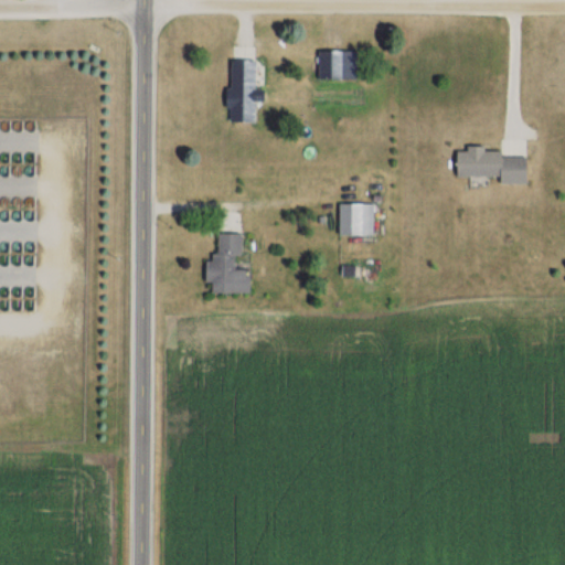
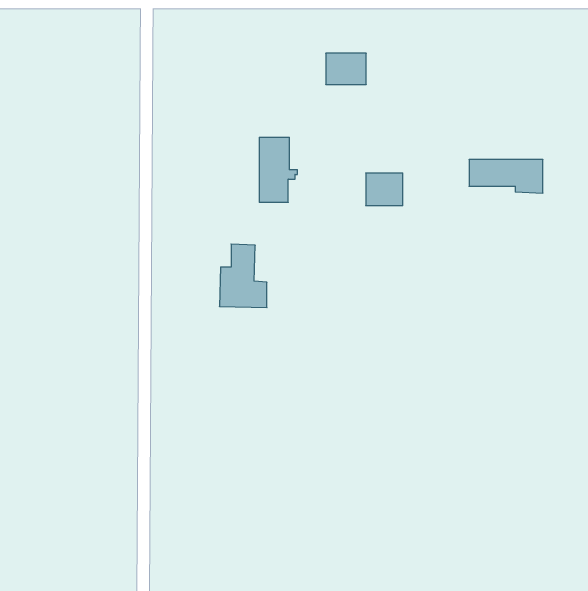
building: [233,60,269,121] -> [259,137,297,202]
building: [332,204,367,235] -> [366,173,403,206]

